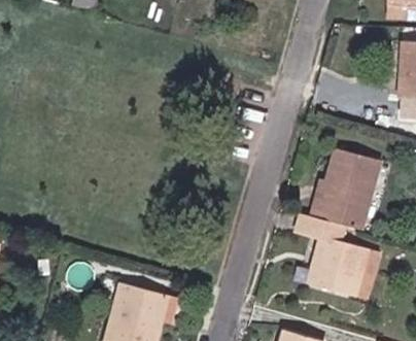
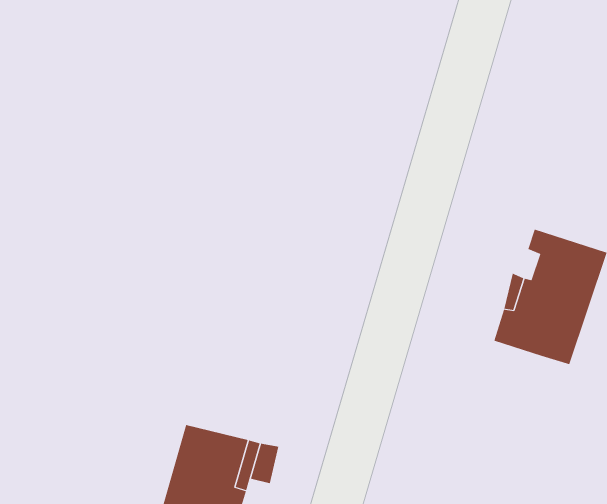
building: [292,224,365,307] -> none

